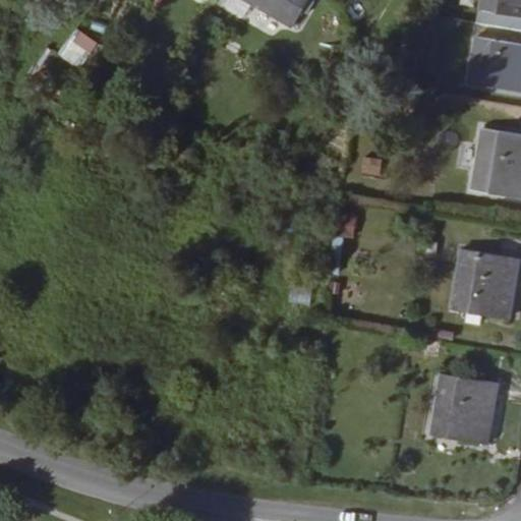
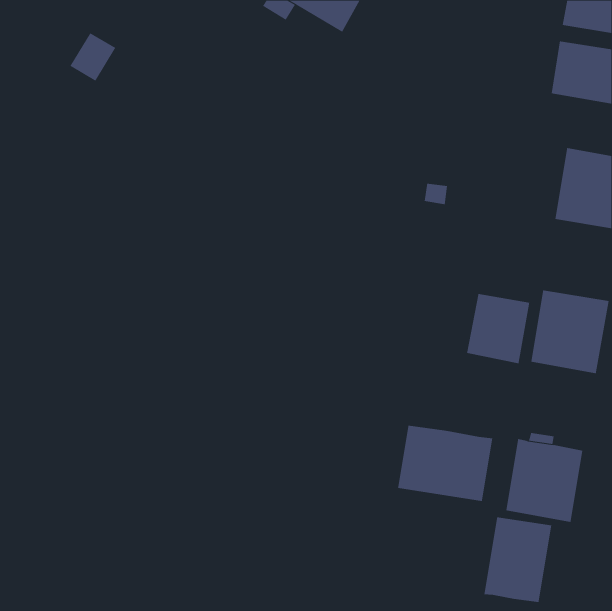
building: none -> [466,293,530,364]
building: none -> [397,425,493,502]
building: none -> [484,517,552,603]

